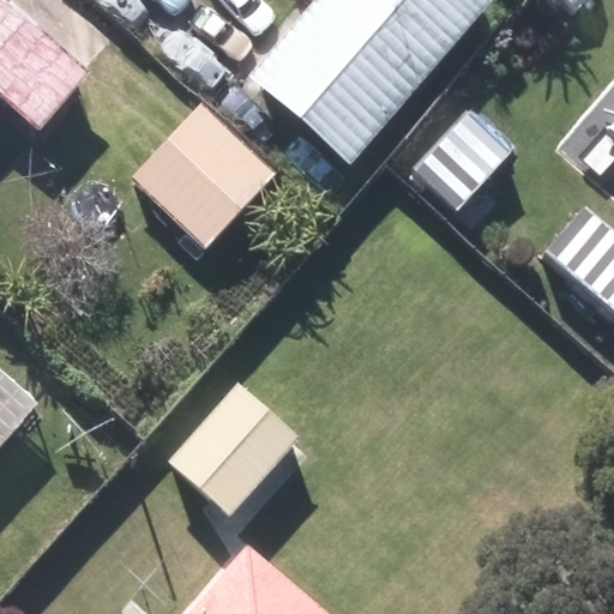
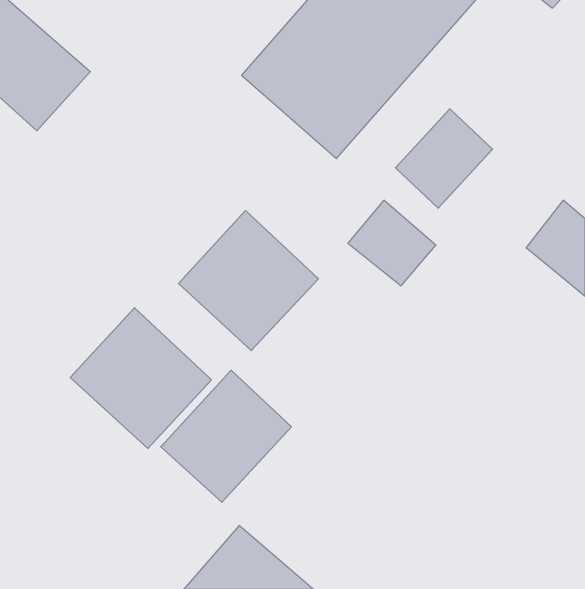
building: [132,103,277,248] -> [178,211,318,351]
building: none -> [70,308,211,448]

